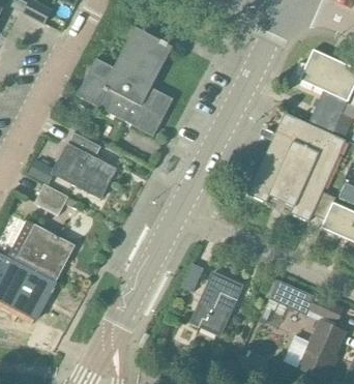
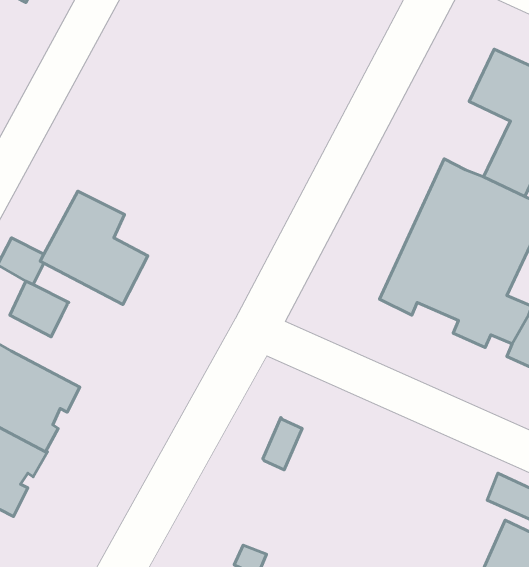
building: [77,26,173,135] -> none
building: [190,271,242,334] -> none
building: [270,279,315,314] -> none

